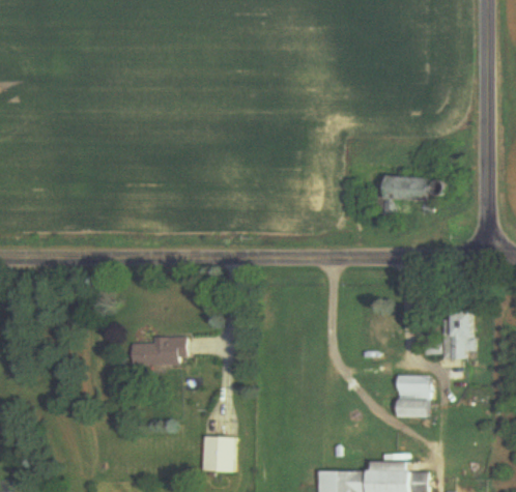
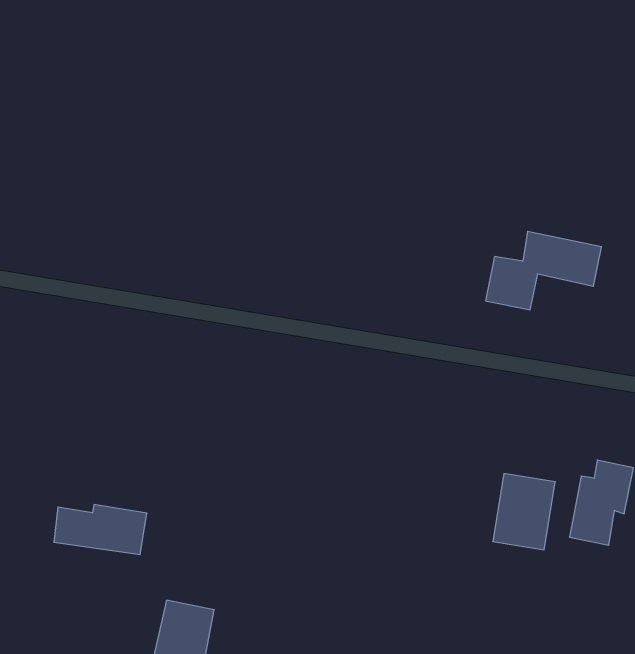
building: [132,337,187,364] -> [54,505,147,555]
building: [396,375,428,417] -> [493,474,555,550]

